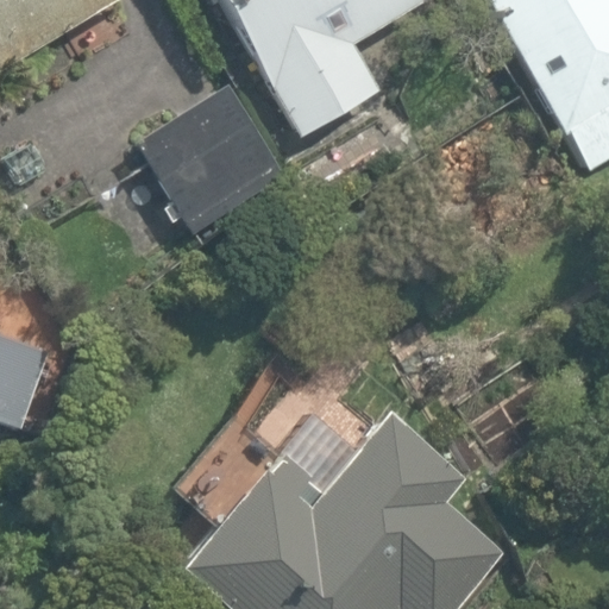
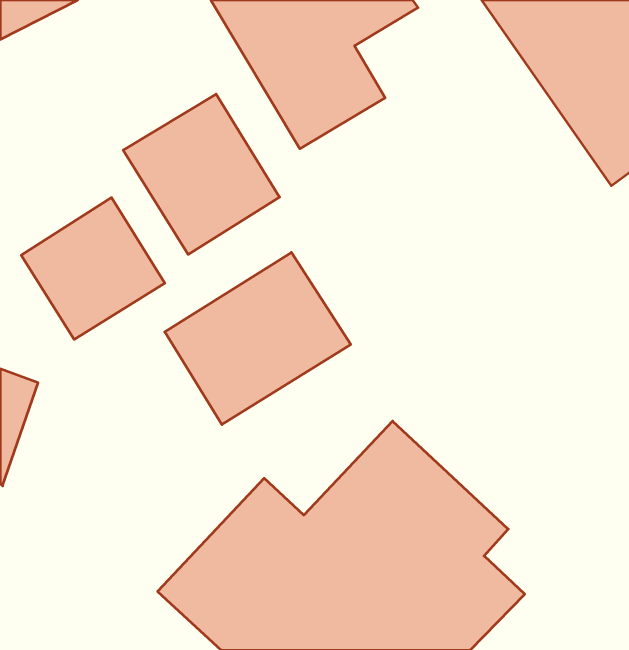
building: none -> [21,198,165,339]
building: none -> [165,252,351,425]

